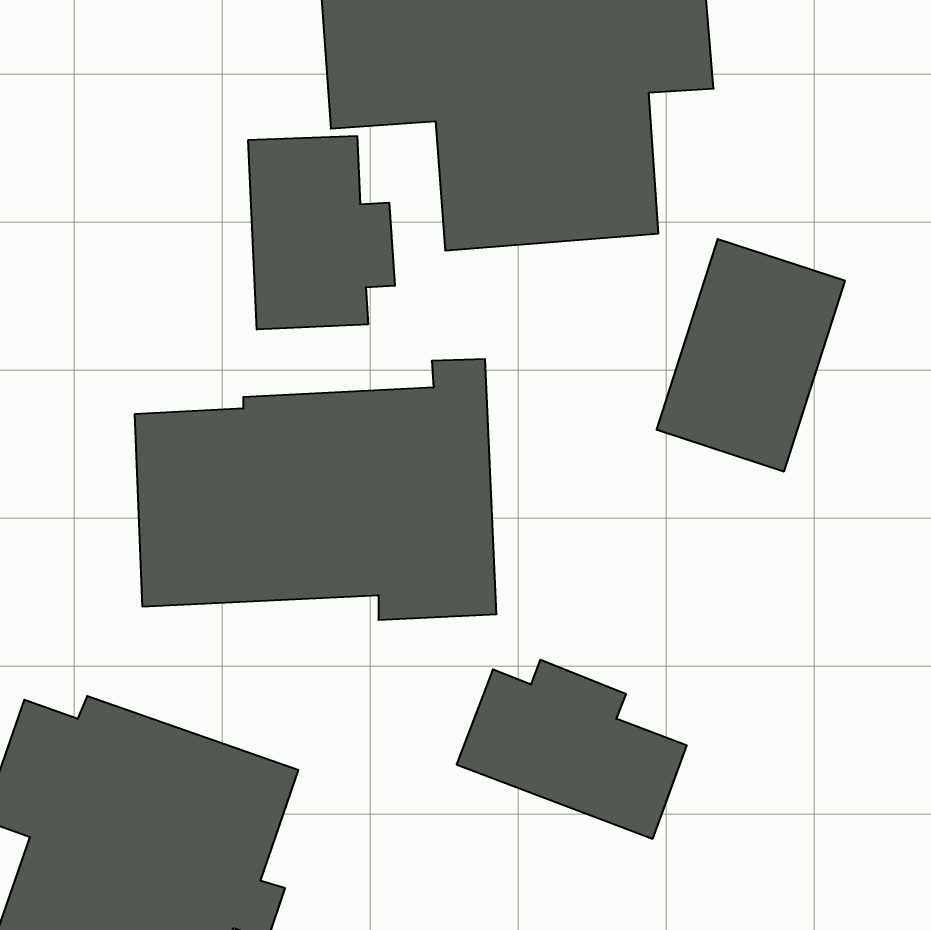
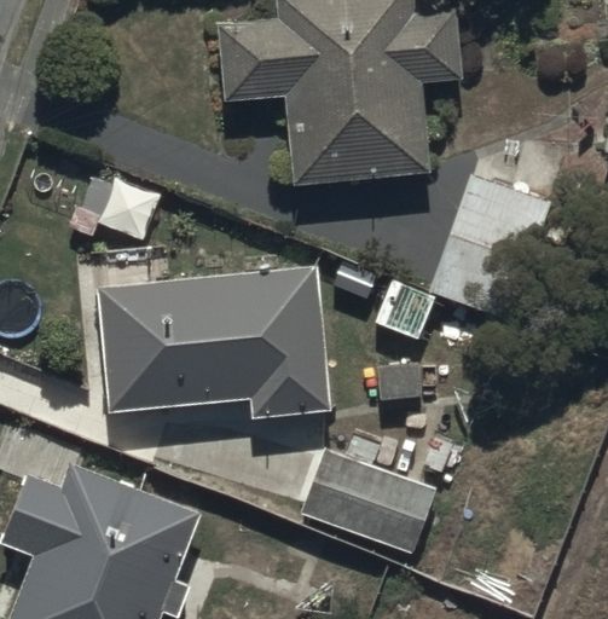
building: [248,136,395,330] -> none

